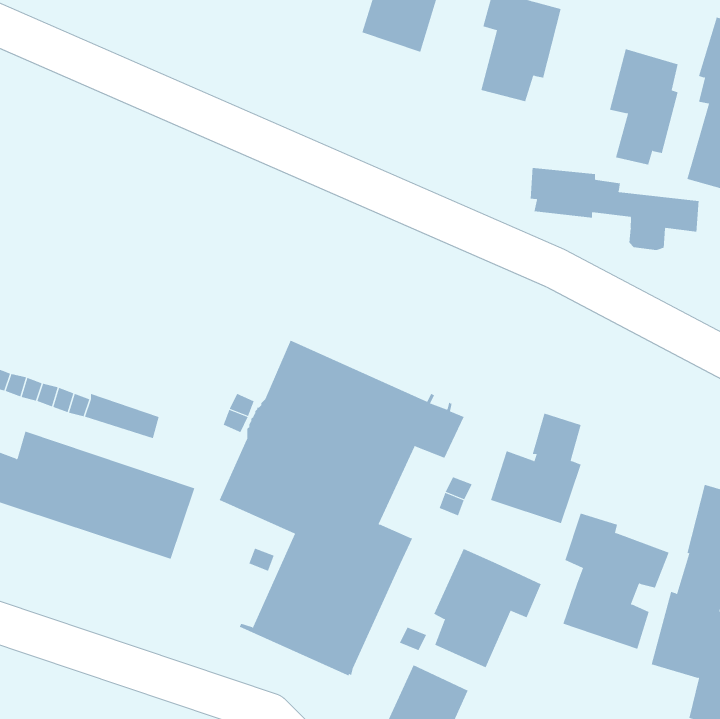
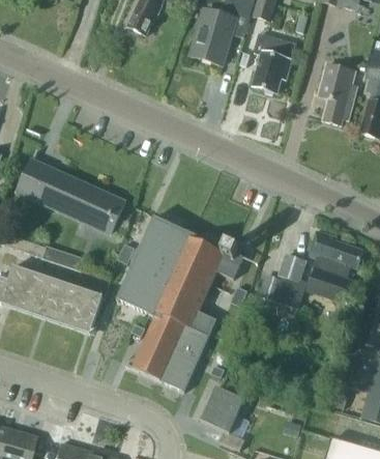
building: [530,167,699,251] -> none
building: none -> [21,160,124,231]
building: [562,513,669,649] -> [308,229,363,300]
building: [434,548,542,668] -> none

